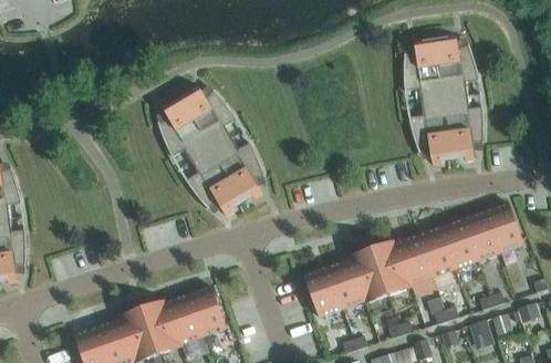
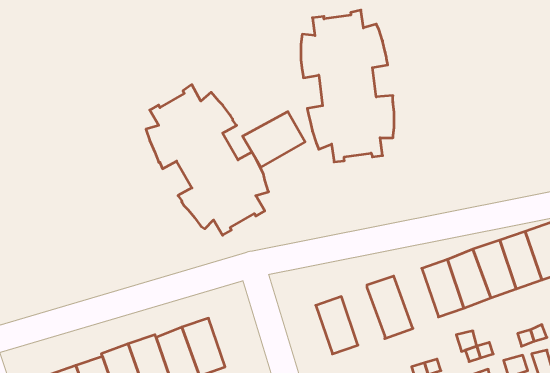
building: [403,33,484,165] -> [301,10,394,162]
building: none -> [243,112,305,167]
building: [372,241,412,295] -> none
building: [326,260,364,310] -> none

